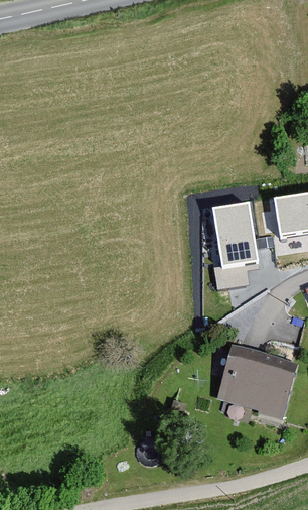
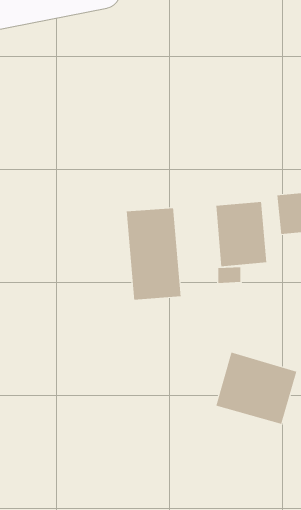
building: none -> [126,207,181,300]

